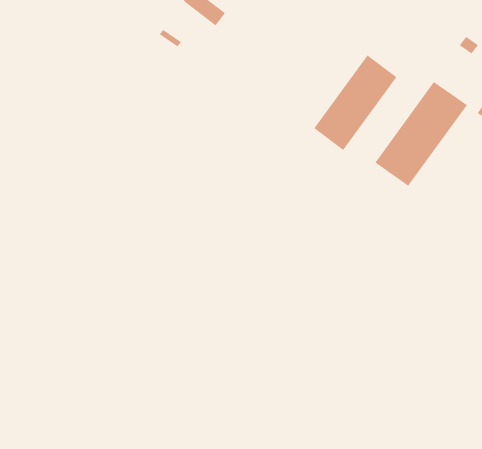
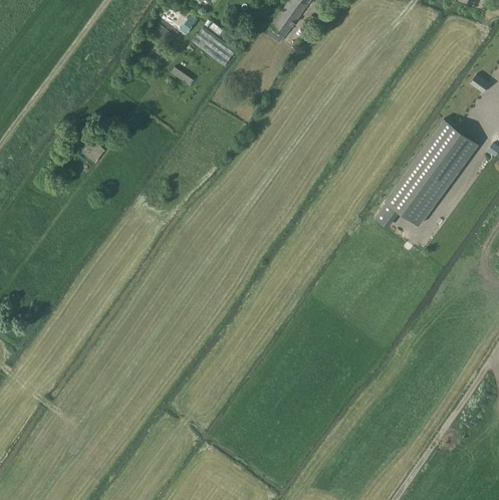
building: [313,54,397,151] -> none

